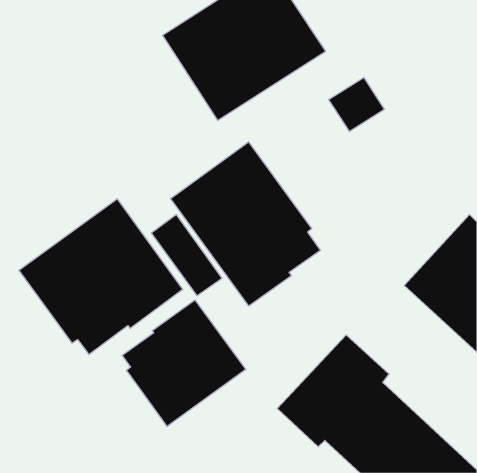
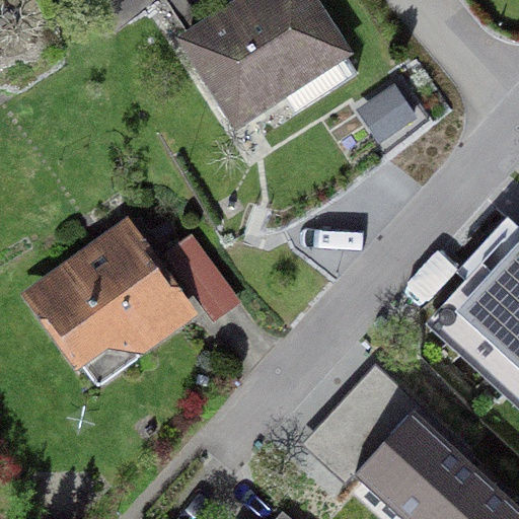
building: [170,142,321,306] -> none
building: [122,300,246,427] -> none

